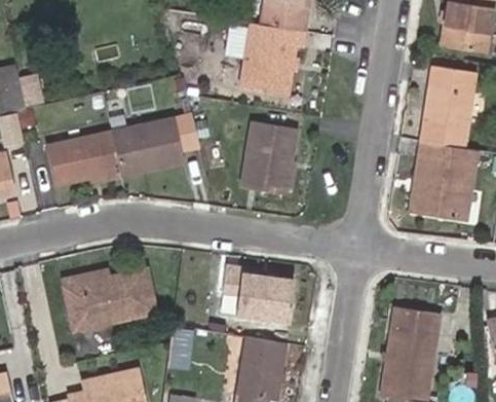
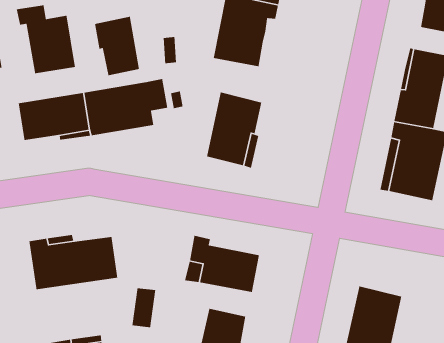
building: none -> [16,5,76,74]
building: none -> [94,16,140,76]

